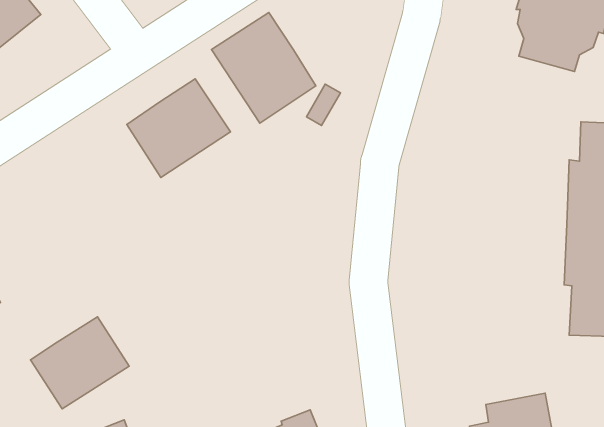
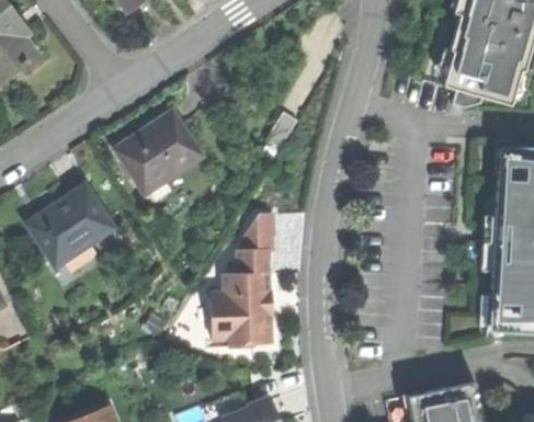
building: [211,13,316,123] -> none
building: none -> [212,215,275,347]
building: [31,317,129,409] -> [26,186,112,266]

